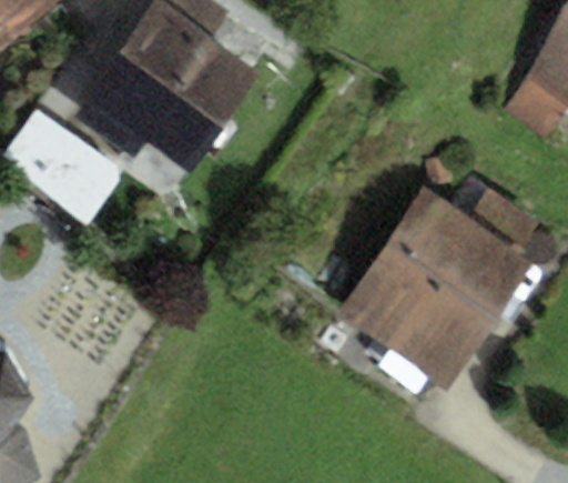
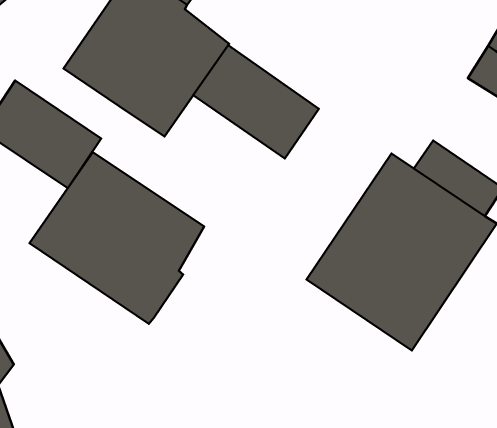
building: none -> [193,45,319,158]
building: none -> [29,152,204,324]

